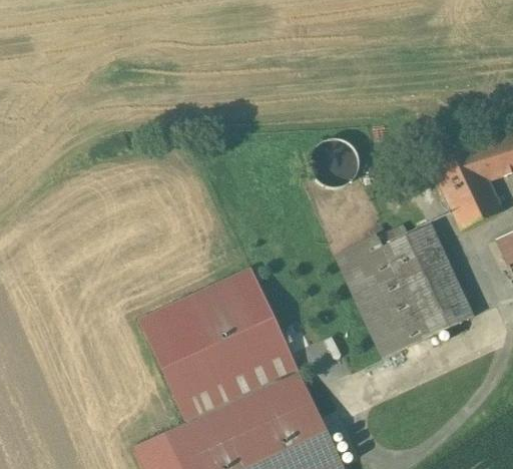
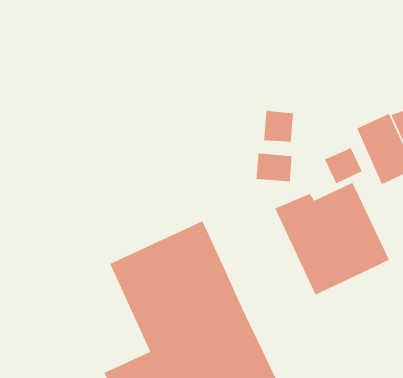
building: none -> [324,147,363,184]
building: none -> [256,153,293,182]

